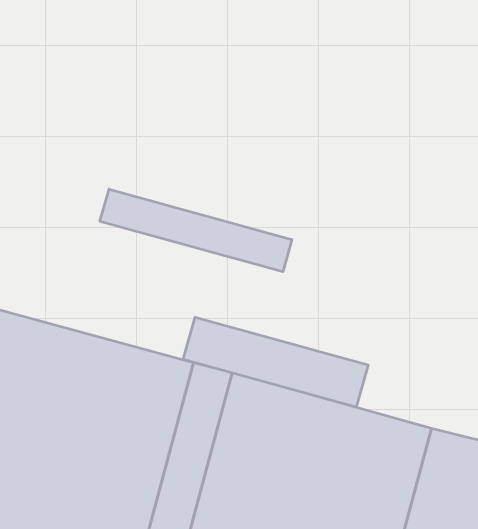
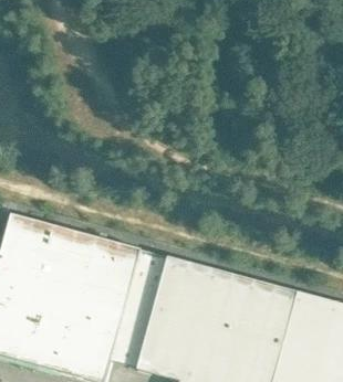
building: [100,189,292,272] -> none
building: [183,317,368,407] -> none

